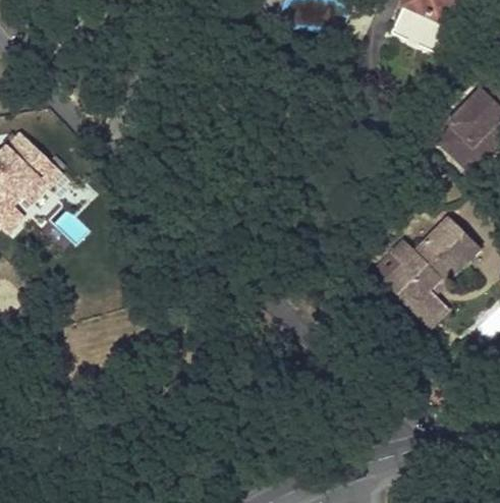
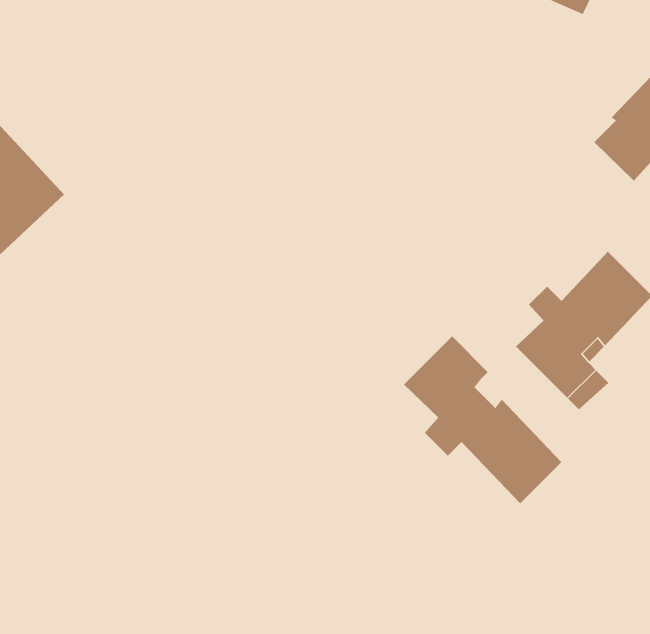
building: none -> [403,336,562,504]

